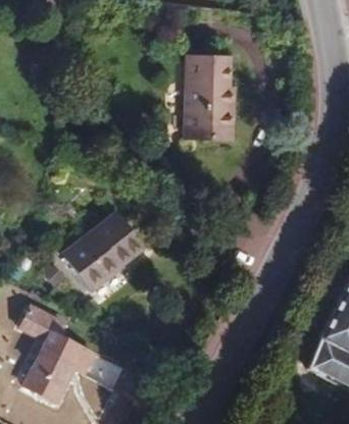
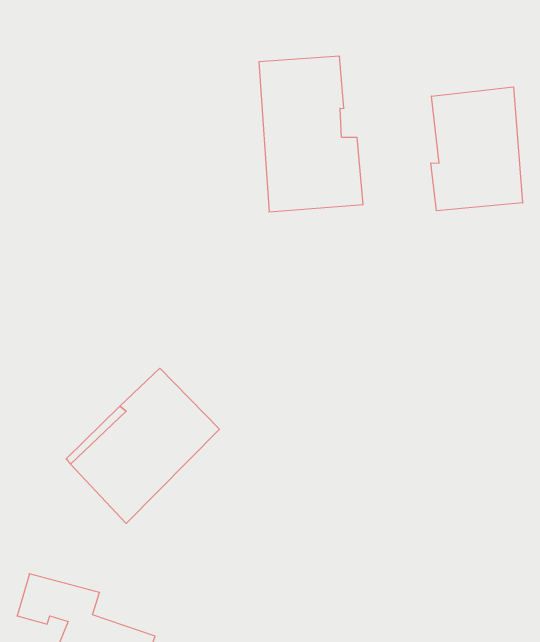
building: none -> [431,87,523,211]

